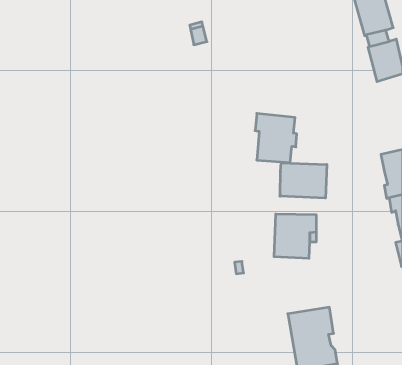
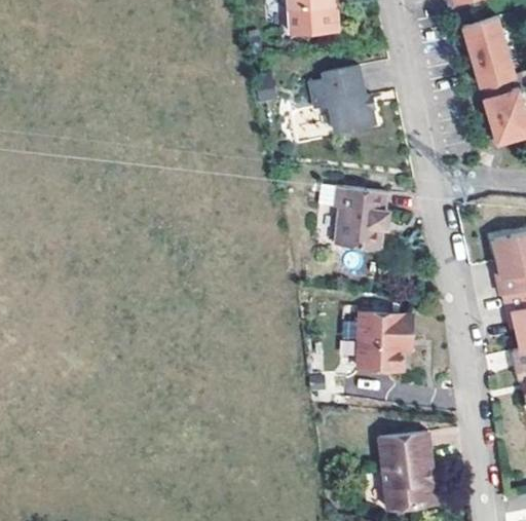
building: none -> [310,68,377,136]
building: [280,163,327,198] -> none

